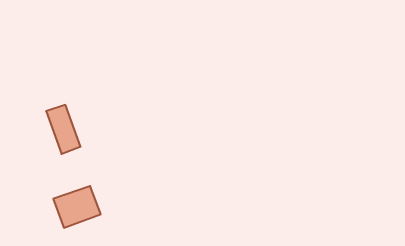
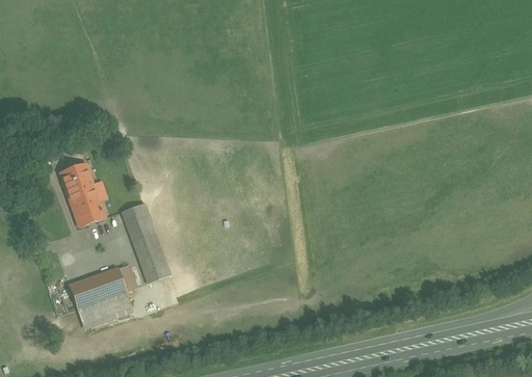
building: none -> [123,204,169,282]

